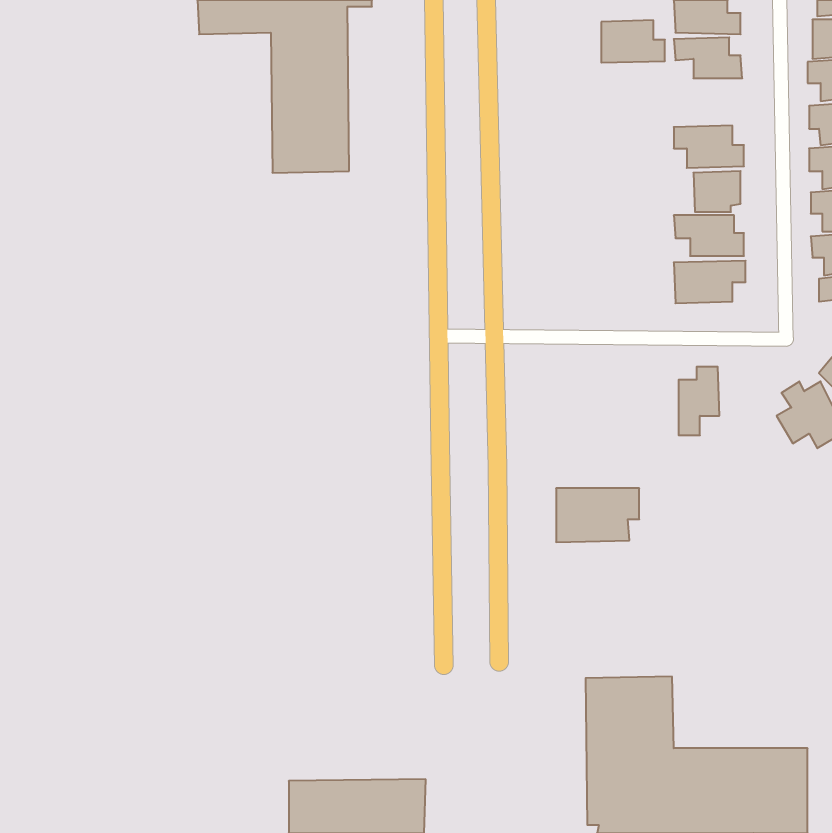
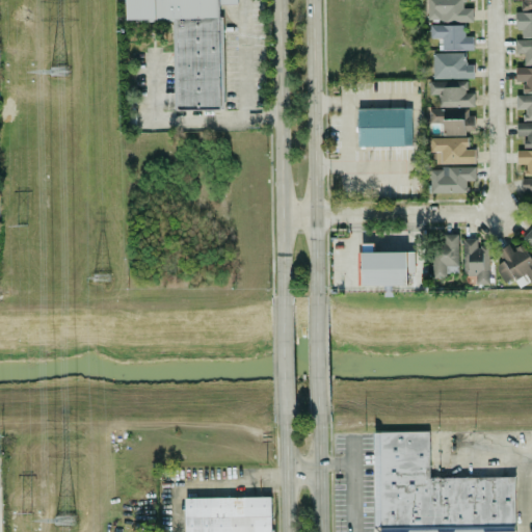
building: [601,20,665,63] -> [433,52,474,79]
building: none -> [358,108,404,147]
building: none -> [463,237,490,284]
building: [556,488,639,542] -> [362,251,415,286]

